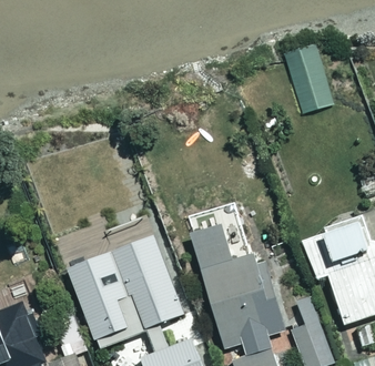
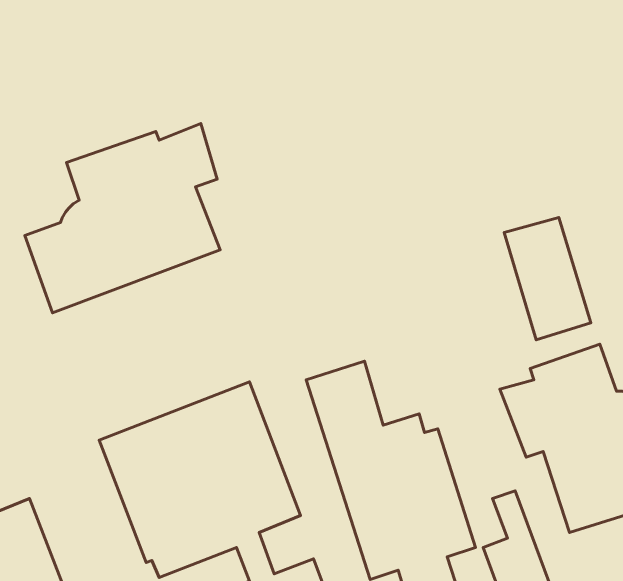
building: [285,44,336,116] -> [504,218,591,340]
building: none -> [25,124,220,313]

